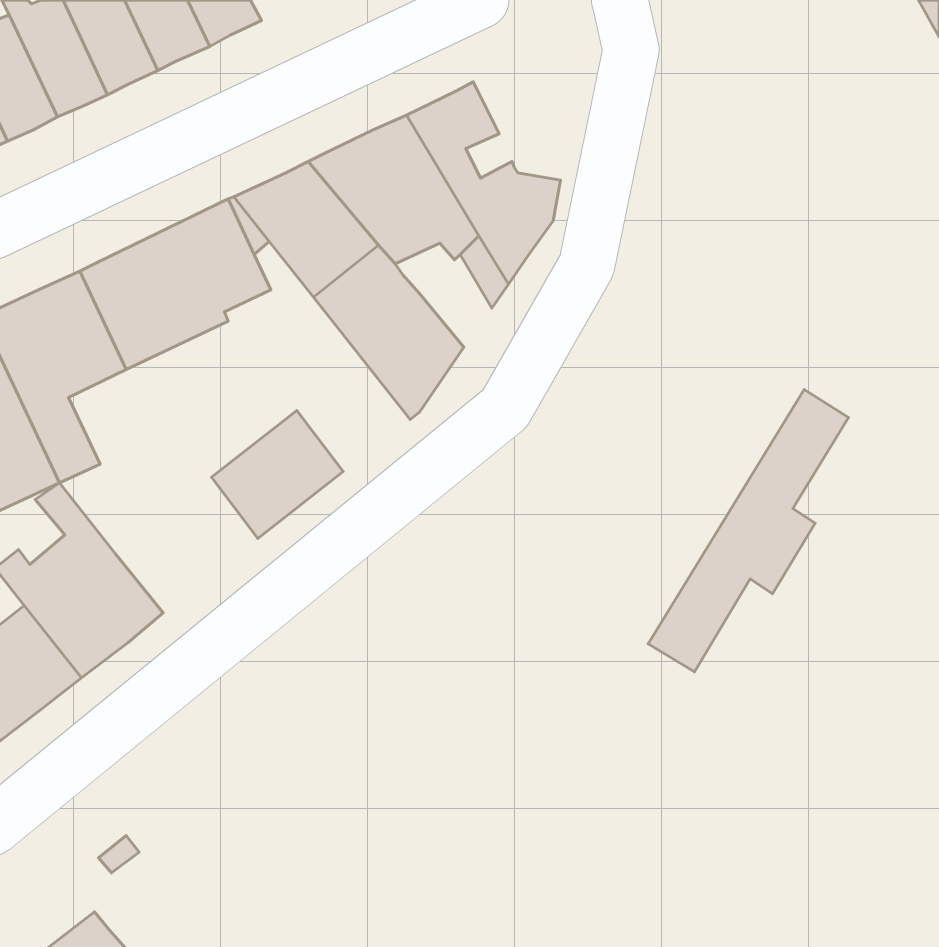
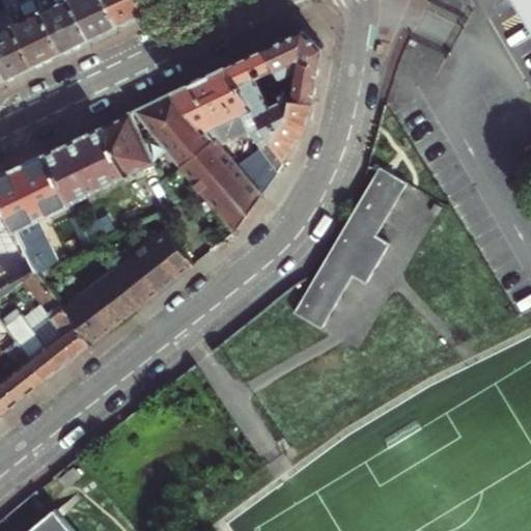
building: none -> [264,30,323,102]
building: none -> [234,143,275,195]
building: [648,390,849,672] -> [292,166,404,324]
building: none -> [64,268,144,343]

